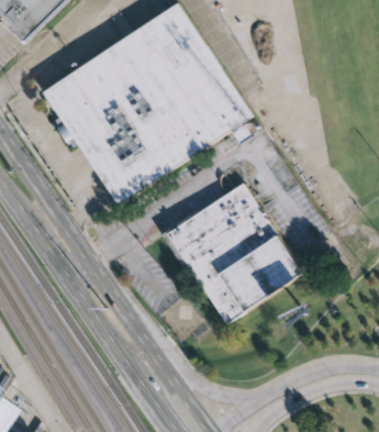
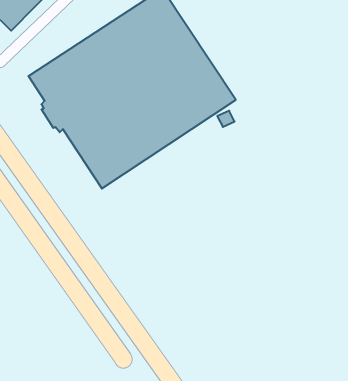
building: [161,182,303,322] -> none

